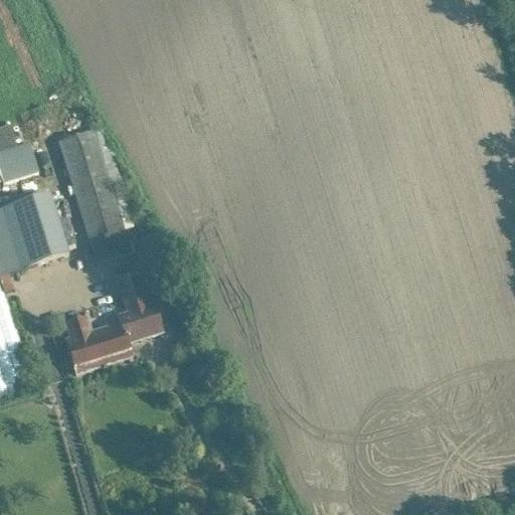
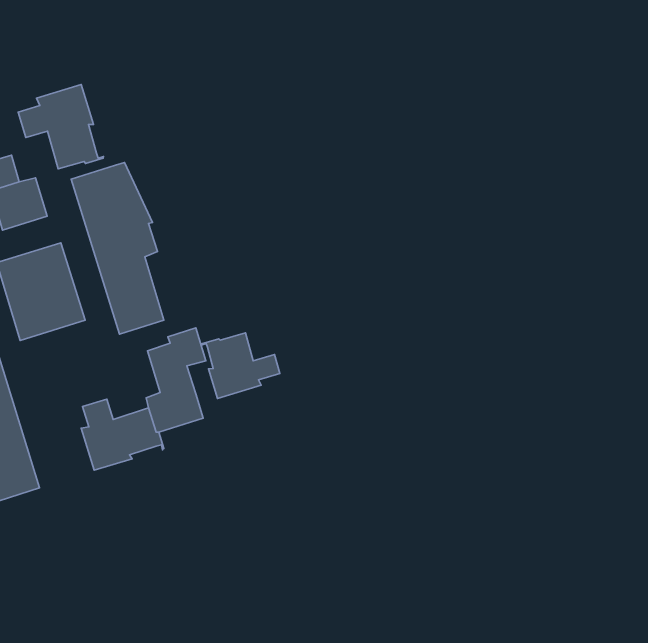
building: none -> [18,85,103,169]
building: none -> [201,333,280,398]

